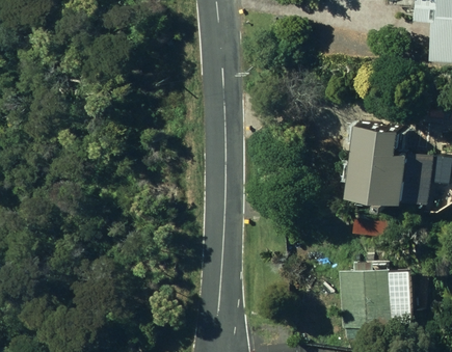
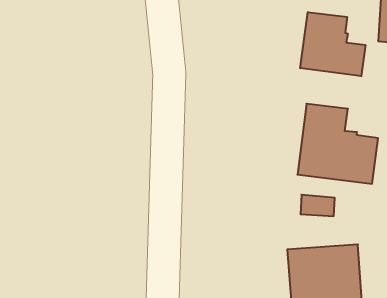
building: none -> [300,12,365,76]

